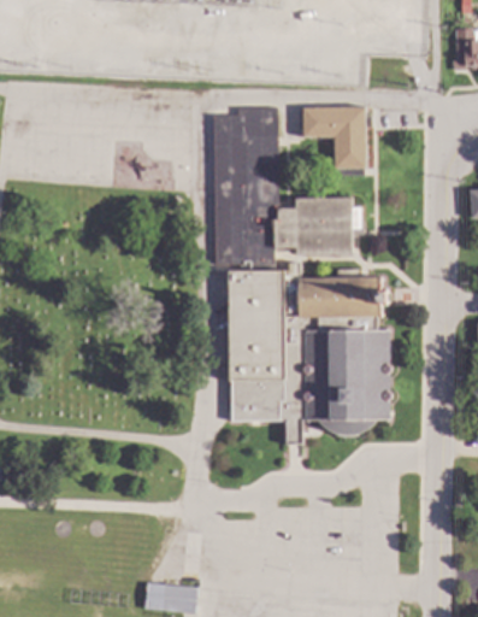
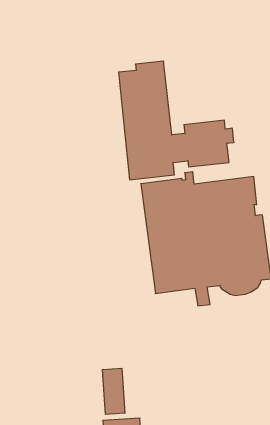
building: [303,107,367,168] -> none
building: none -> [103,368,125,414]

